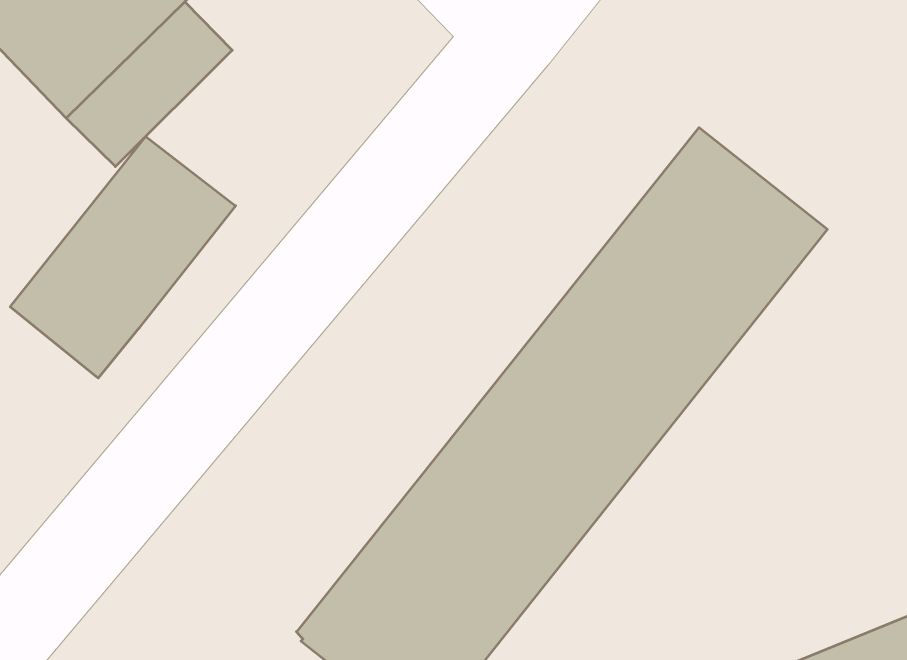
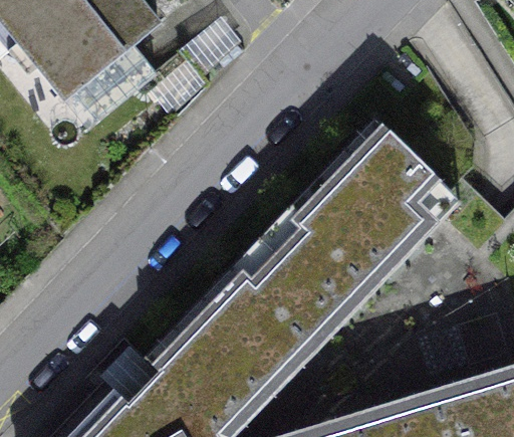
building: [10,136,236,378] -> none

